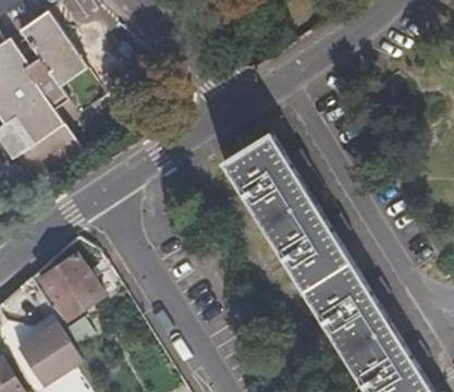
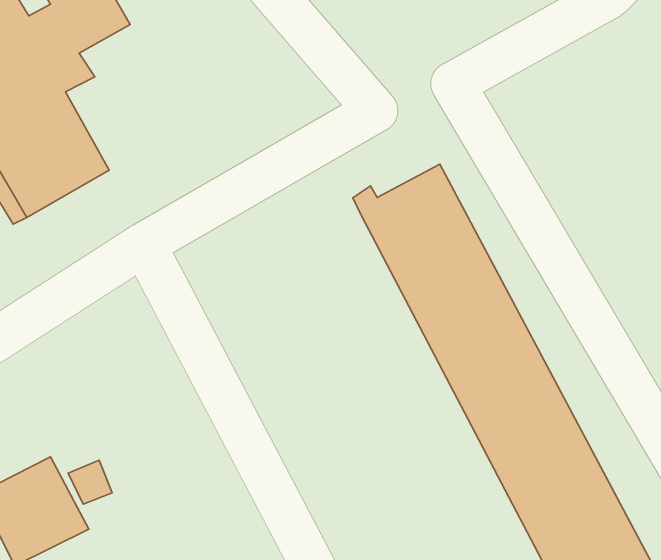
building: [38,250,102,316] -> none

